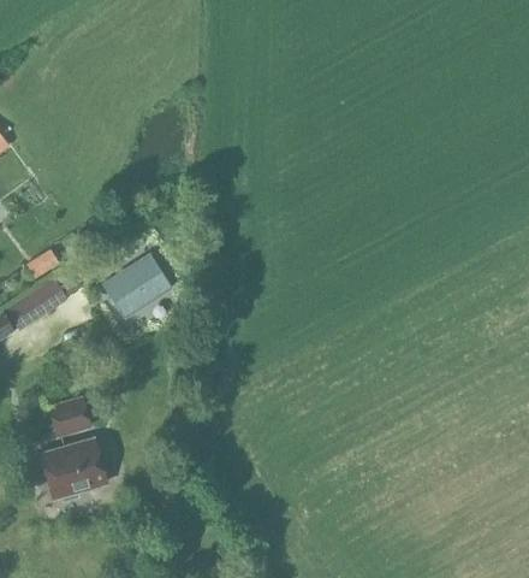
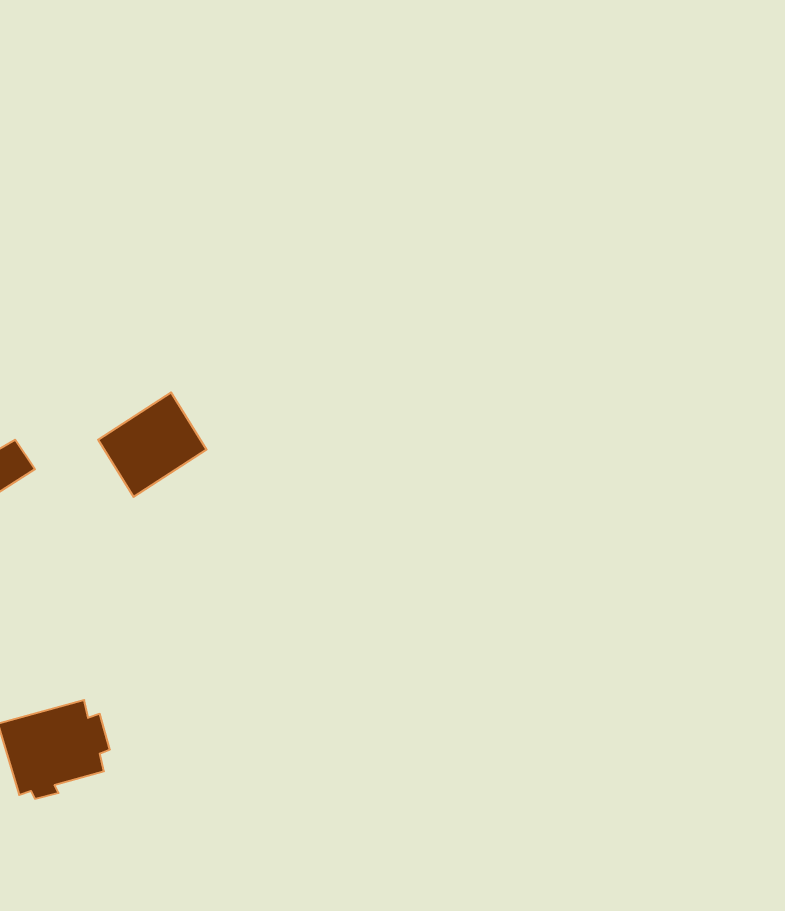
building: [49,399,90,436] -> none

